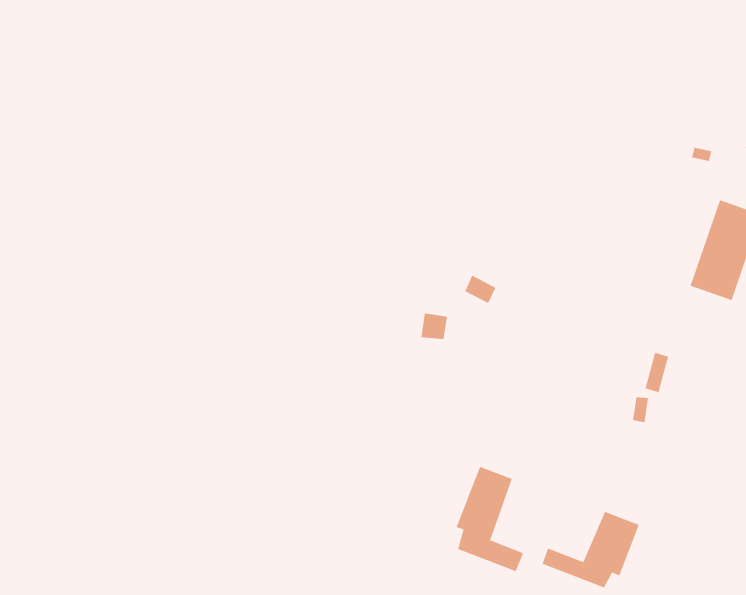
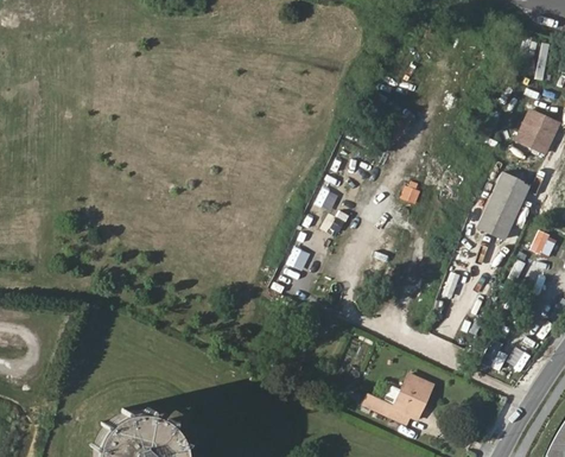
building: [455,466,524,572] -> none

